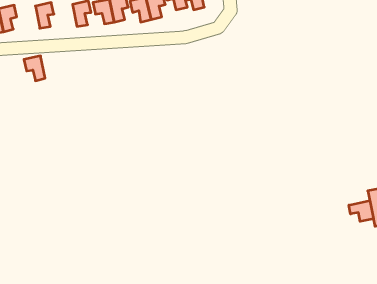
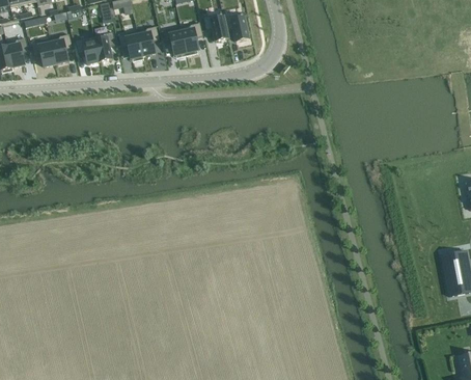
building: none -> [74,35,99,64]
building: [24,56,45,81] -> [30,37,55,66]
building: [349,201,373,221] -> none

